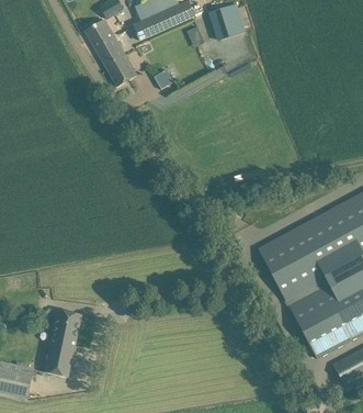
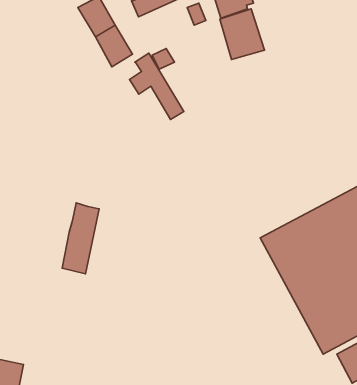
building: none -> [220,9,264,60]
building: none -> [130,53,184,119]
building: [45,309,80,376] -> [62,203,99,274]

